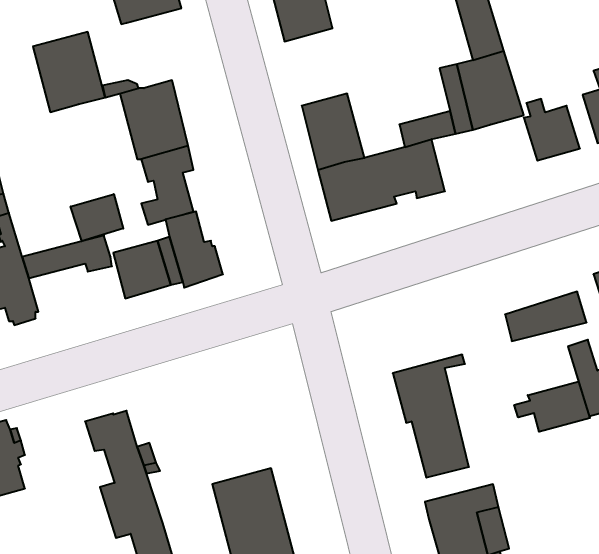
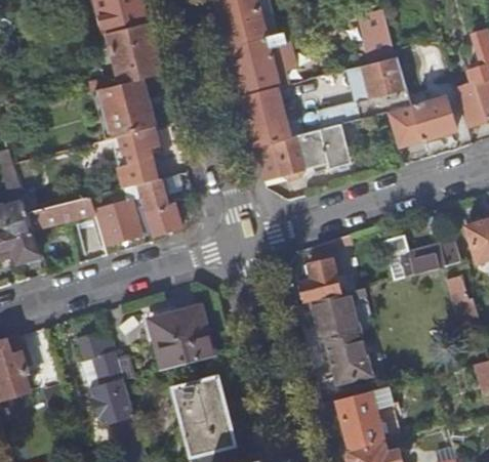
building: none -> [228,32,294,96]
building: [33,32,105,112] -> [107,22,162,83]
building: none -> [385,103,421,146]
building: [71,194,123,241] -> none
building: none -> [299,255,339,298]
building: none -> [148,305,211,369]
building: [514,381,590,432] -> none

